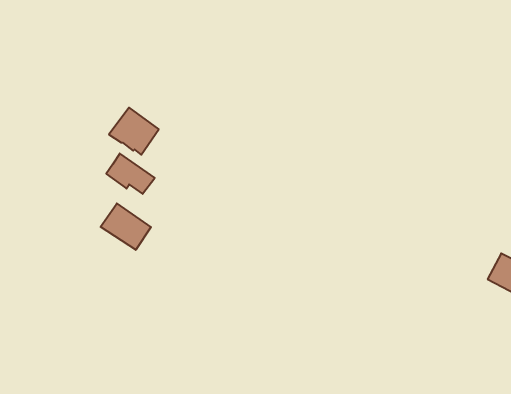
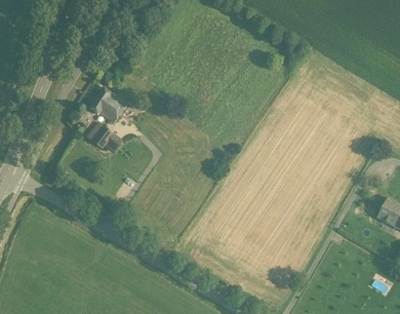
building: [101,203,151,250] -> none

